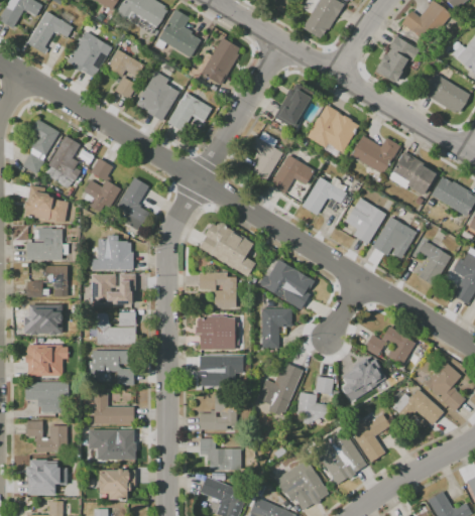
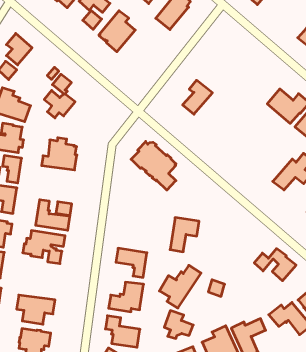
building: [273,84,313,128] -> none
building: [167,92,211,130] -> none
building: [307,105,358,153] -> none
building: [47,136,81,180] -> none
building: [269,154,314,194] -> none
building: [116,176,148,230] -> none
building: [302,176,346,215] -> none
building: [345,198,385,244] -> none
building: [259,257,314,309] -> none
building: [199,272,235,307] -> none
building: [93,274,133,306] -> none
building: [195,315,237,350] -> none
building: [341,355,383,401] -> none
building: [295,392,330,424] -> [164,311,193,338]
building: [94,393,133,424] -> none

